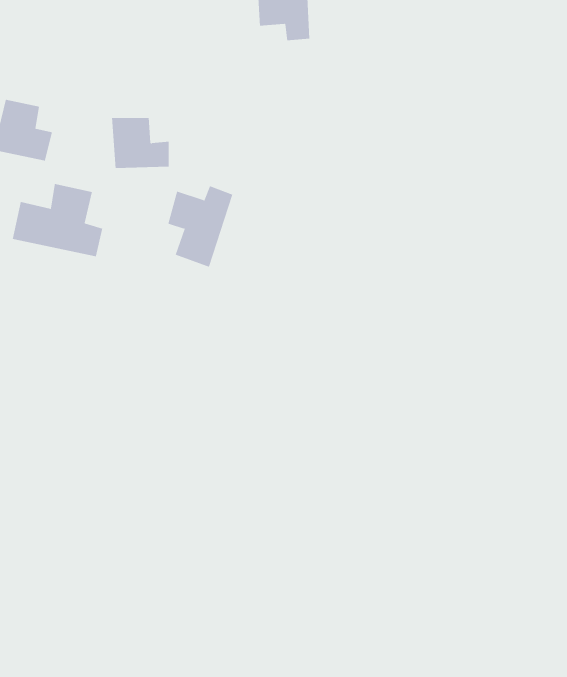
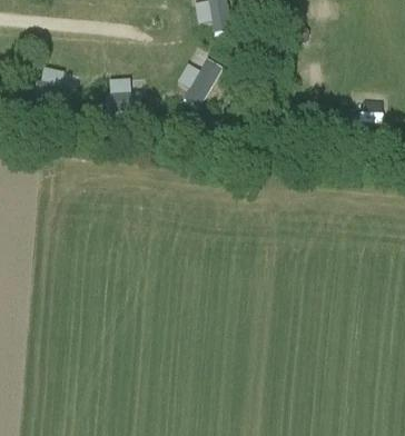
building: [12,183,103,257] -> none
building: [167,185,233,267] -> [179,59,219,109]

